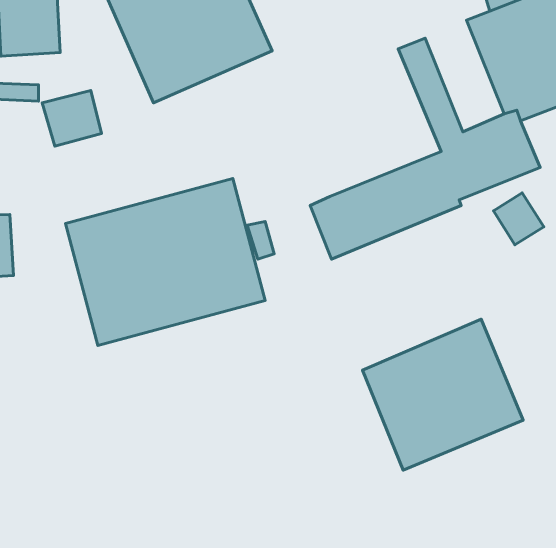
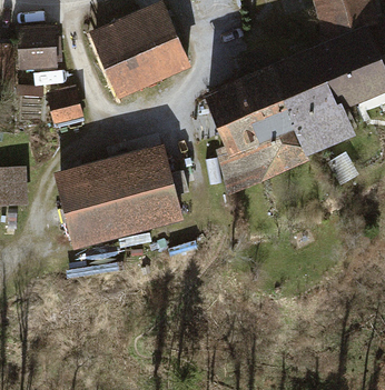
building: none -> [284,46,333,114]
building: none -> [199,63,294,154]
building: [363,319,523,470] -> none

